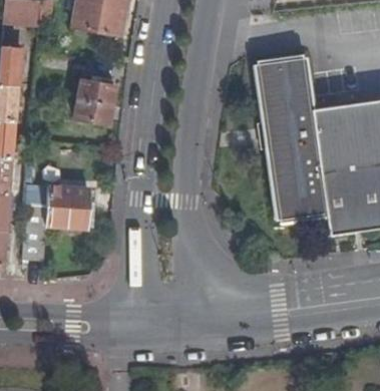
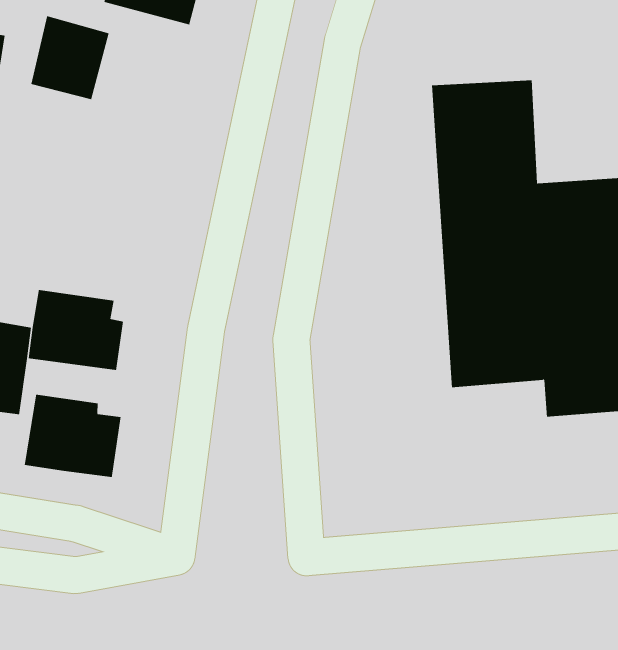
building: [74,80,115,124] -> [31,16,109,100]
building: none -> [24,394,121,478]

